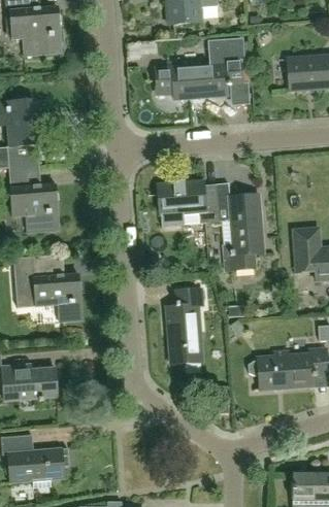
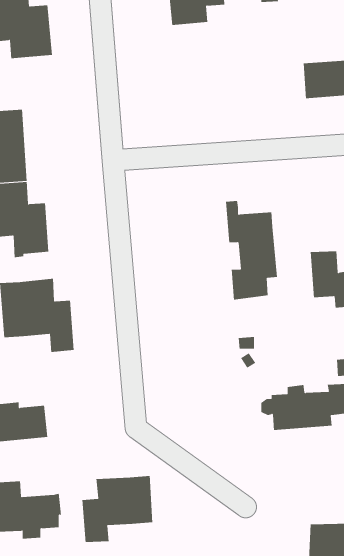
building: [155,39,243,99] -> none
building: [158,180,220,227] -> none
building: [167,288,203,364] -> none
building: none -> [82,475,153,543]

